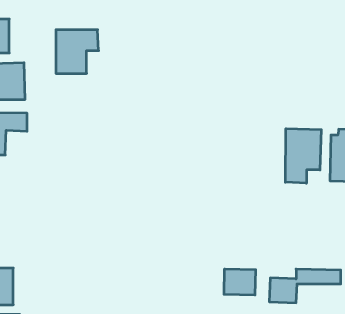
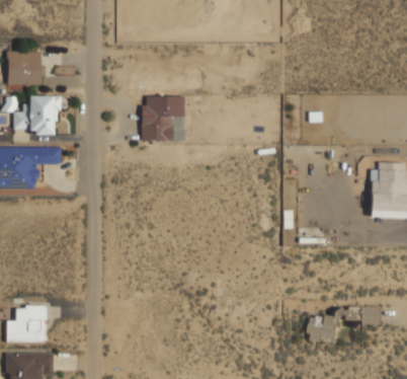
building: [56,30,99,73] -> [142,96,185,141]
building: [285,129,321,183] -> none
building: [224,269,256,295] -> none

